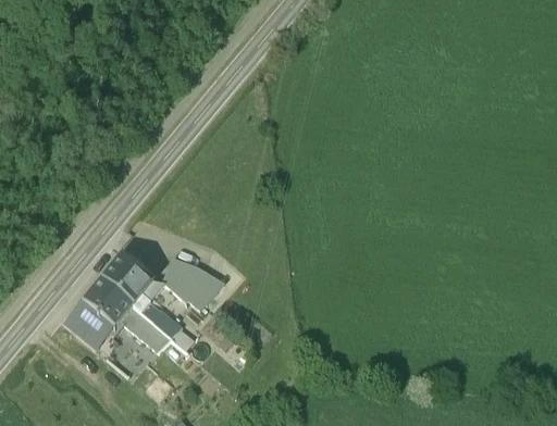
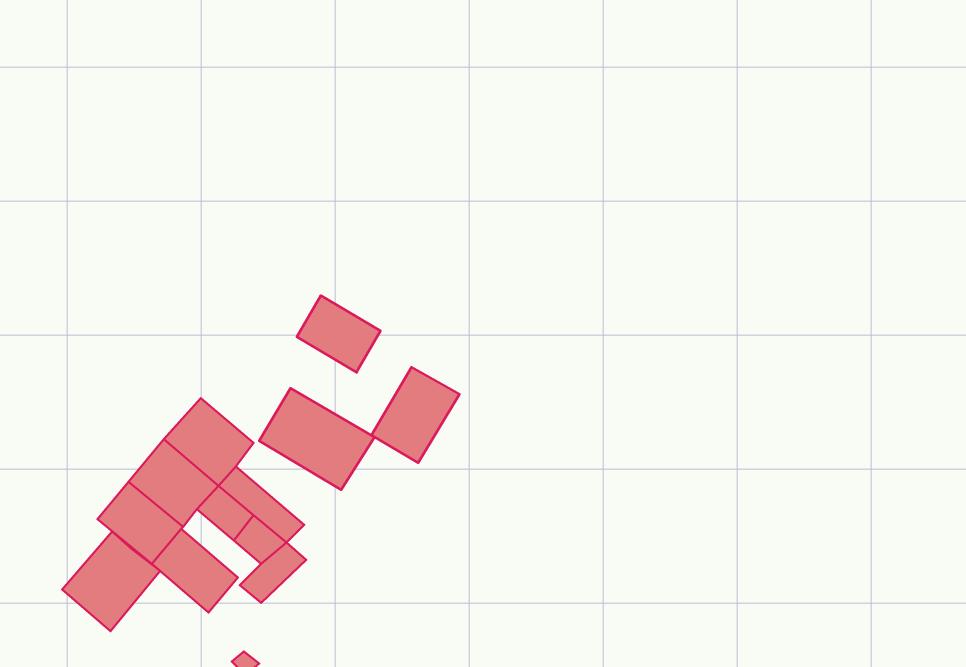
building: none -> [297,295,381,372]
building: none -> [371,367,460,463]
building: none -> [62,531,160,631]

